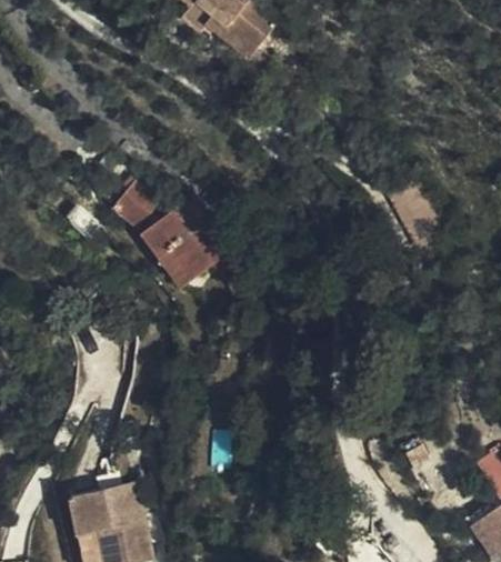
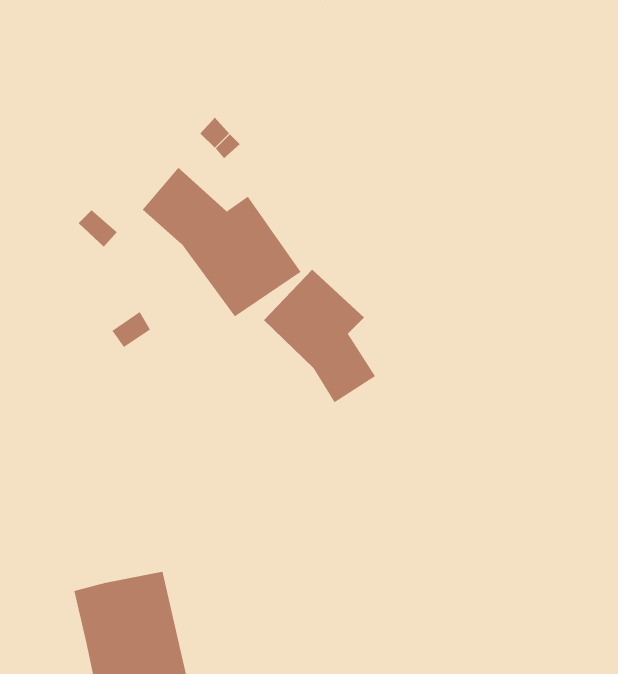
building: none -> [263,269,376,403]

